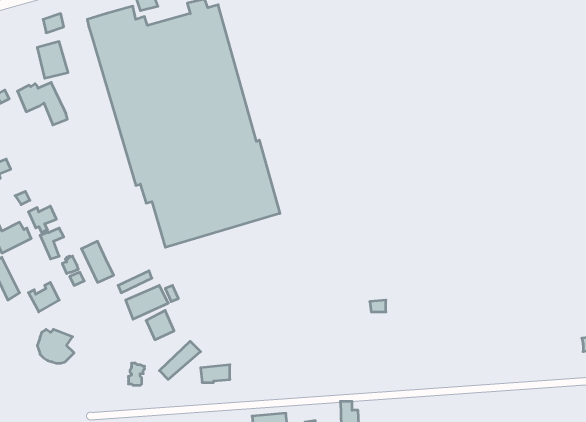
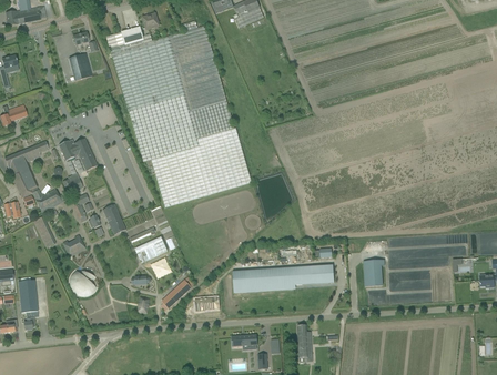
building: [17,82,67,125] -> [59,138,97,170]
building: none -> [364,259,385,286]
building: none -> [233,264,334,292]

